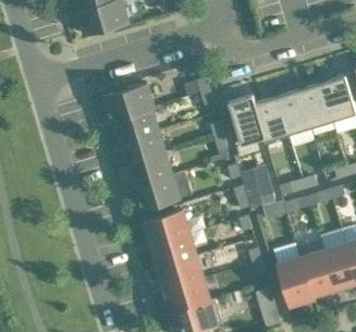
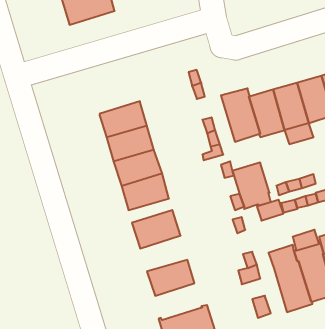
building: [103,83,154,120] -> none
building: [151,233,196,267] -> none
building: [165,278,210,312] -> none

